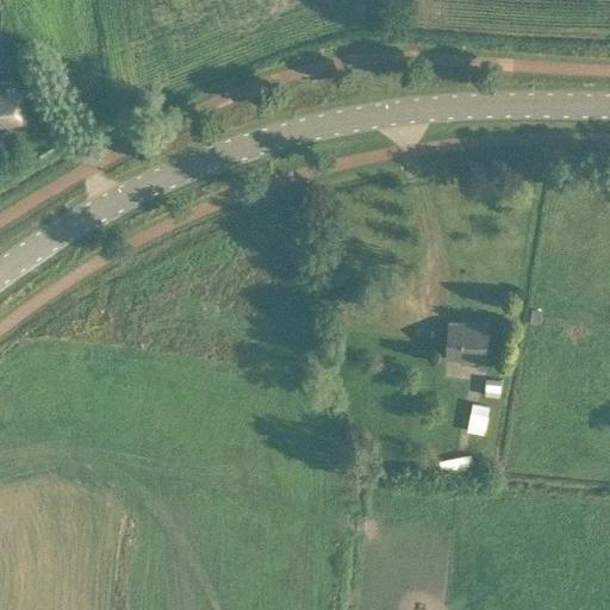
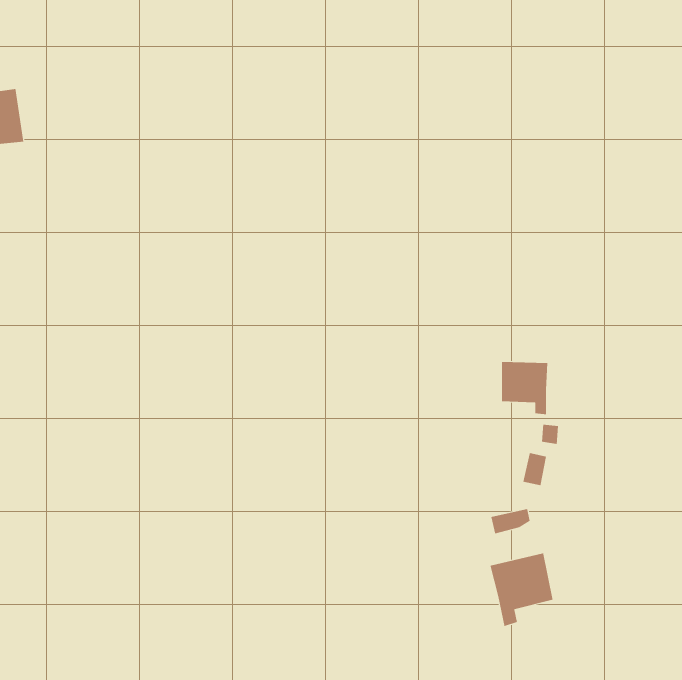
building: none -> [490,552,553,627]

